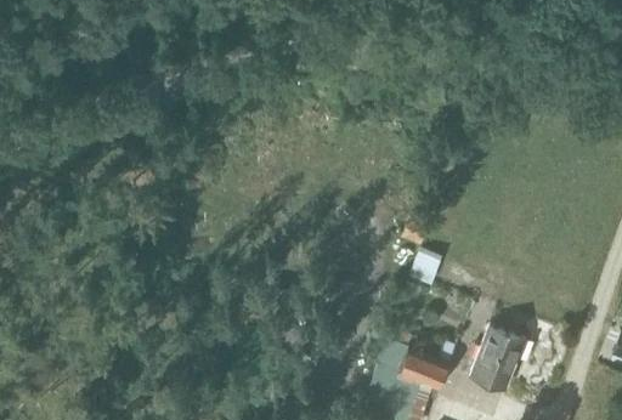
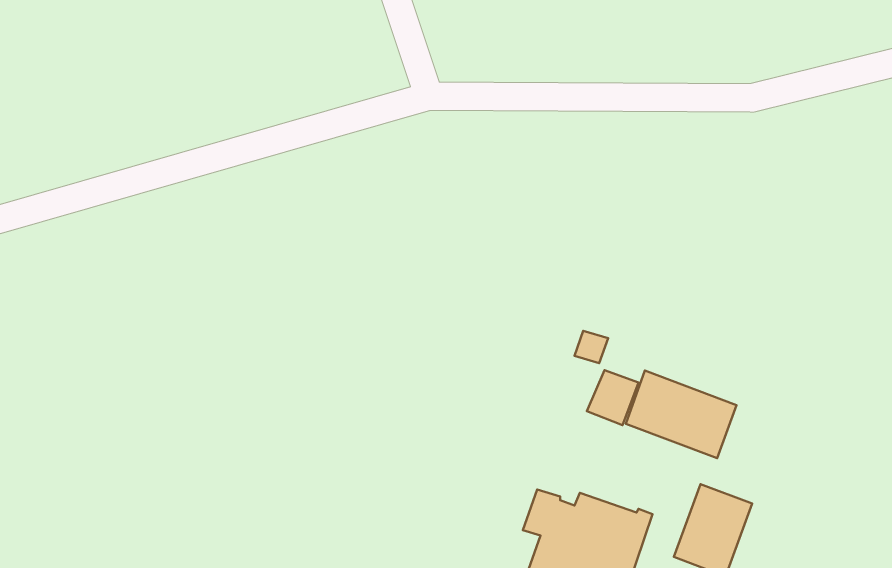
building: none -> [626,371,736,458]

